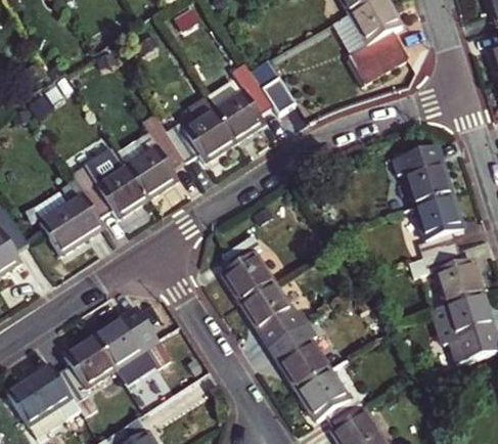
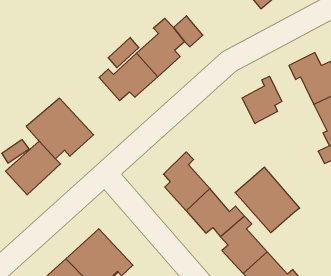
building: [120,120,185,196] -> none
building: none -> [242,76,282,124]
building: none -> [235,167,300,233]

